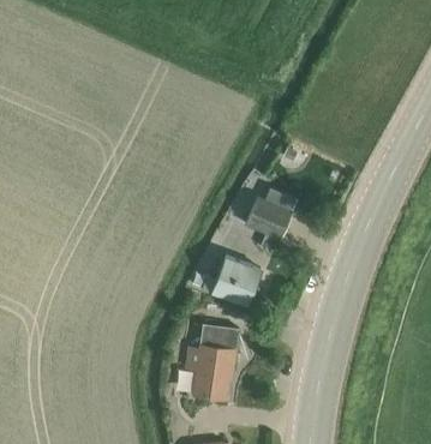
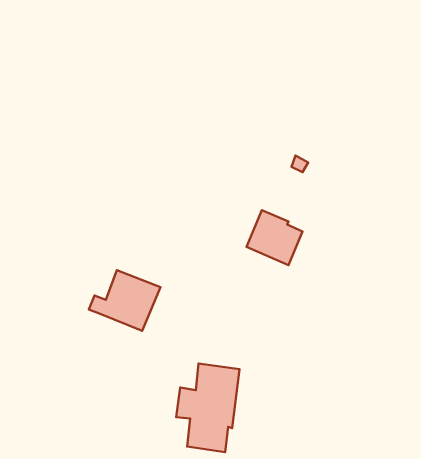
building: [200,254,262,306] -> [89,270,161,331]

